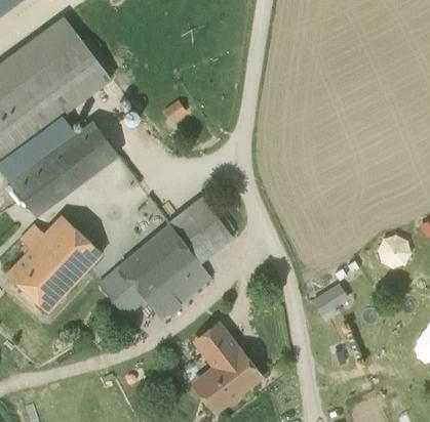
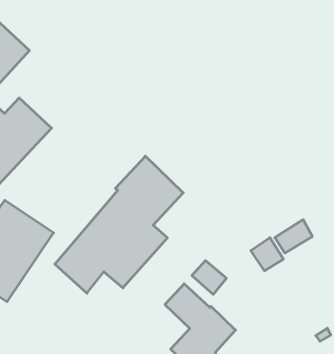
building: none -> [251,238,283,271]
building: none -> [192,261,226,294]

